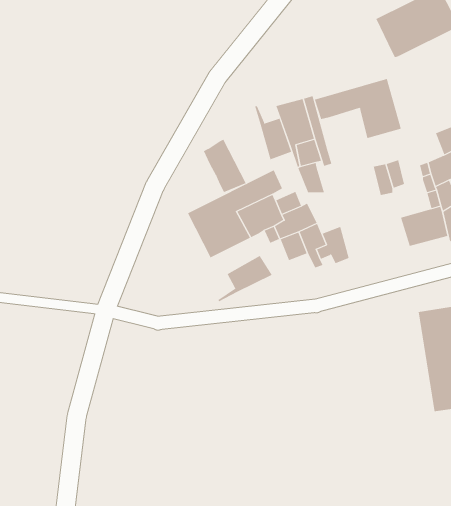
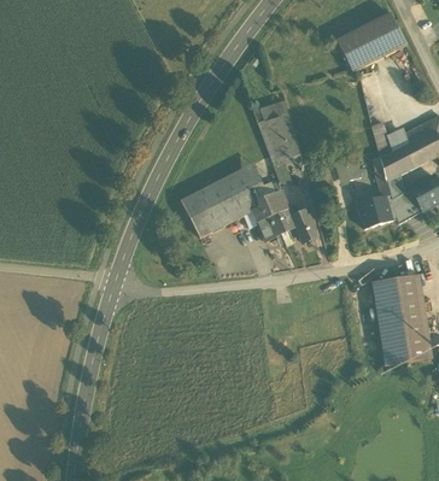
building: [314,78,401,139] -> none
building: [255,106,292,160] -> none
building: [203,139,247,193] -> none
building: [218,255,272,302] -> none

